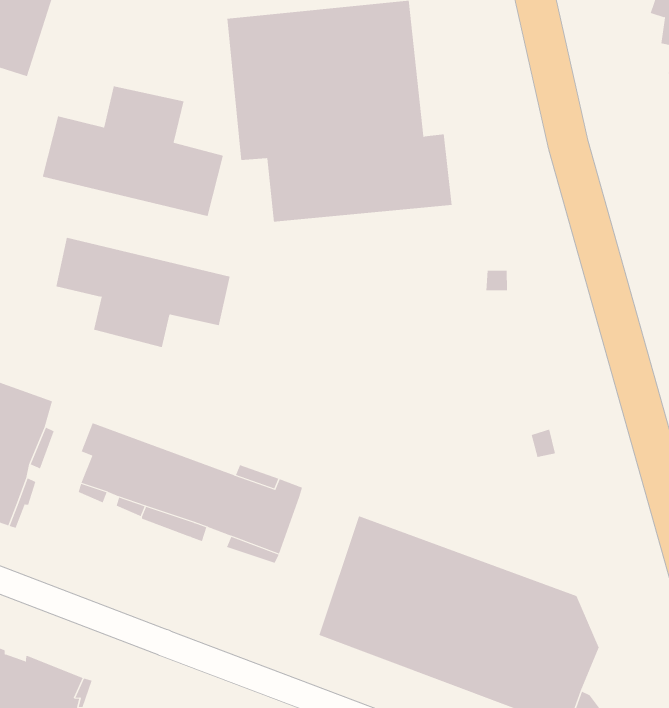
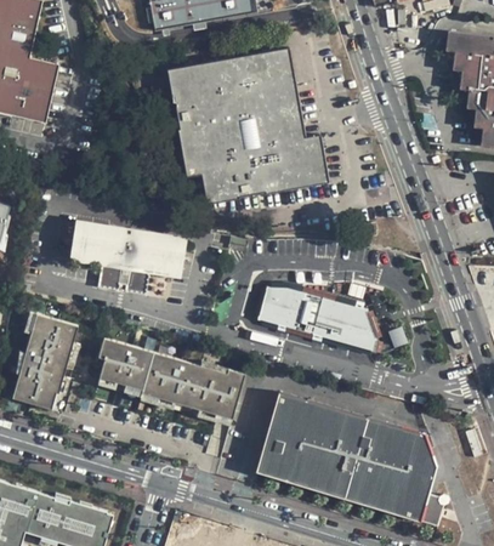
building: [42,86,224,217] -> none
building: none -> [252,285,377,349]

